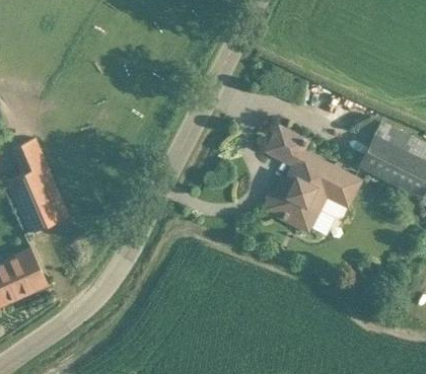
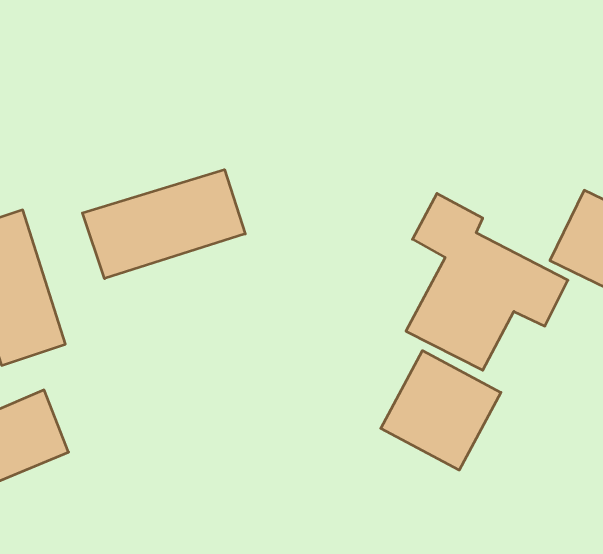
building: none -> [82,170,245,279]
building: none -> [381,351,501,470]

